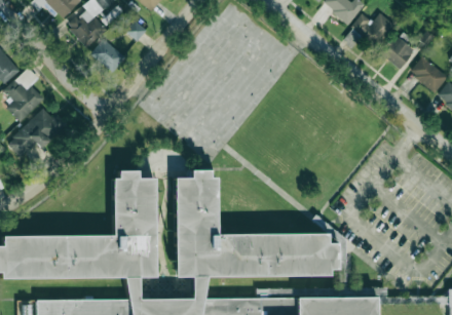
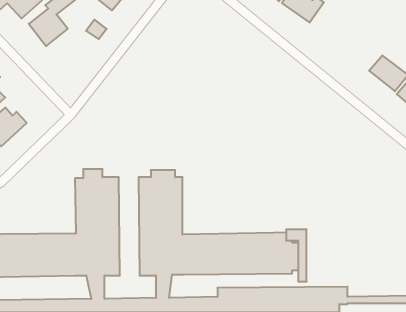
building: [351,12,394,46] -> none
building: [381,36,414,69] -> none
building: [90,38,125,72] -> none

